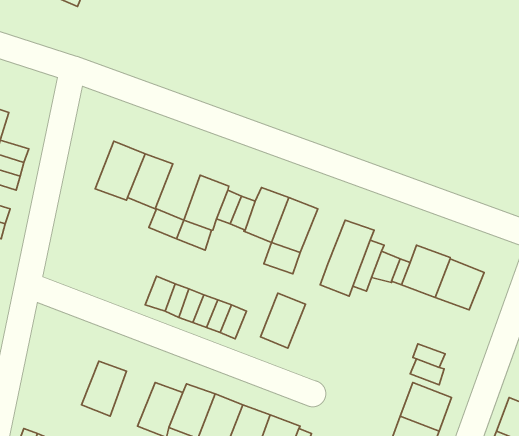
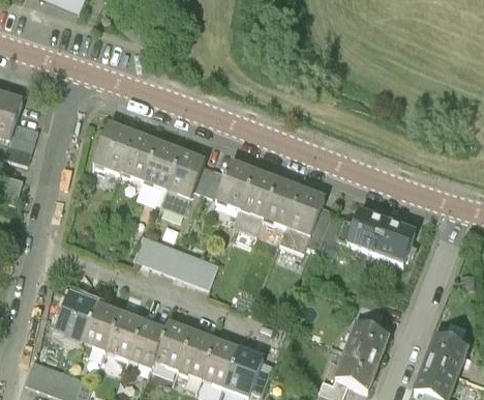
building: none -> [143,141,180,188]
building: [260,293,305,348] -> [263,178,300,224]
building: none -> [56,294,96,343]
building: none -> [105,313,143,359]

